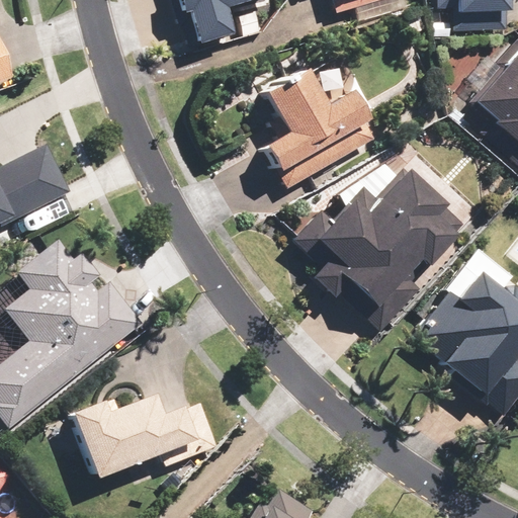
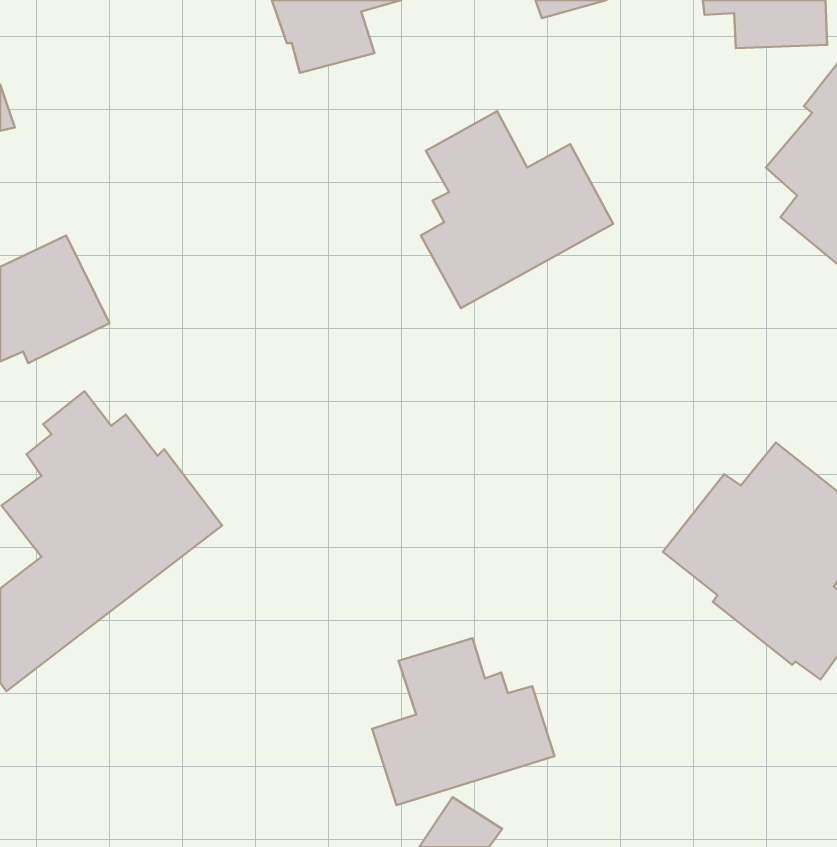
building: [293,167,468,332] -> none
building: none -> [372,638,554,805]
building: [72,394,217,477] -> none

